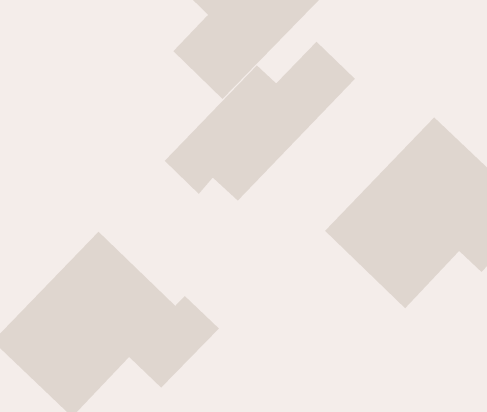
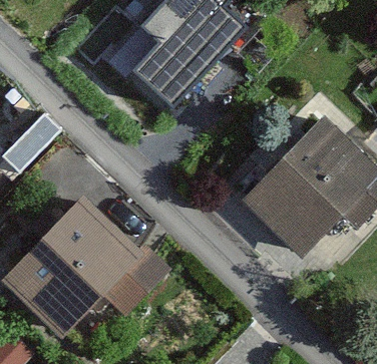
building: [164,41,356,202] -> none

